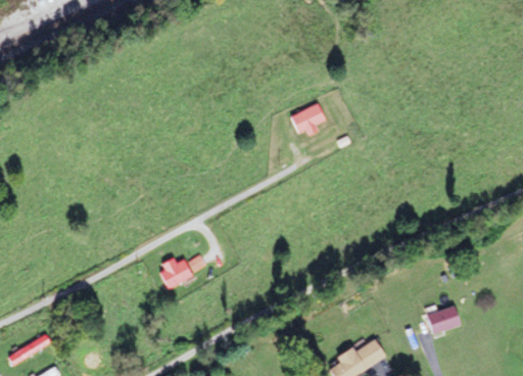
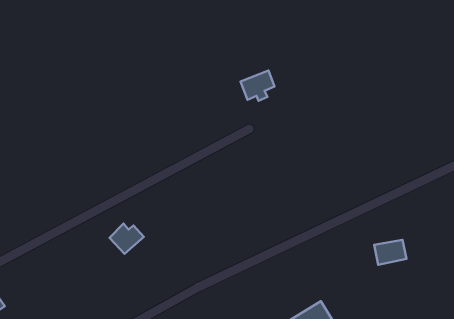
building: [427,308,460,333] -> [374,240,406,265]

